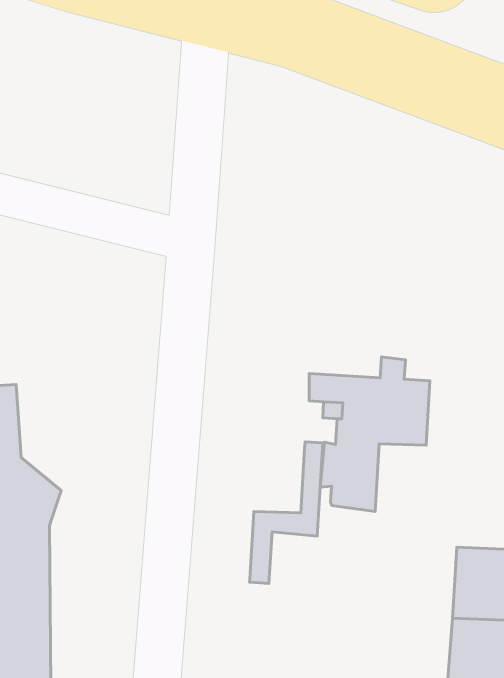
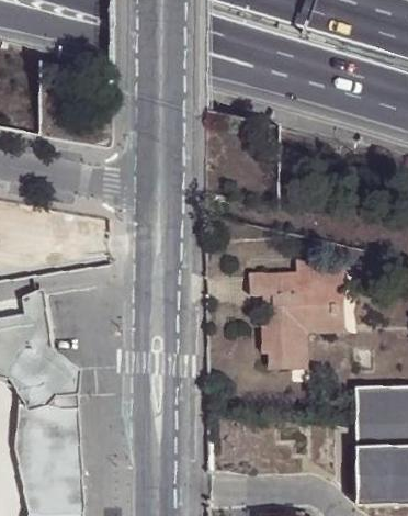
building: [250,442,323,583] -> [296,272,340,370]

